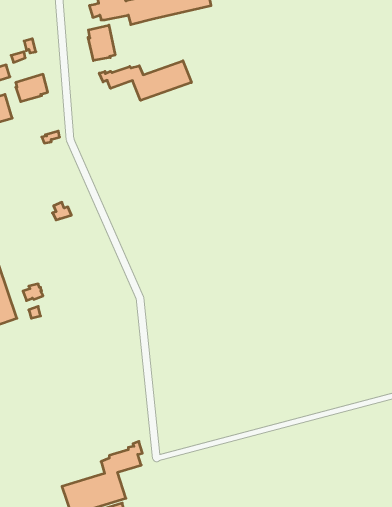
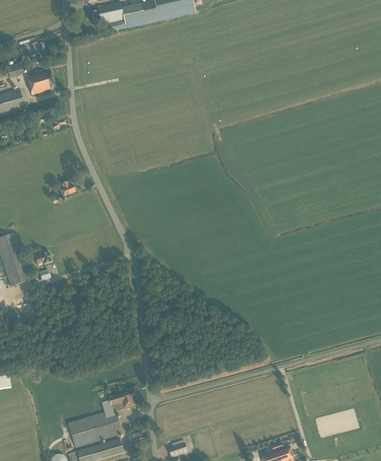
building: [88,25,115,61] -> none
building: [99,61,191,100] -> none

